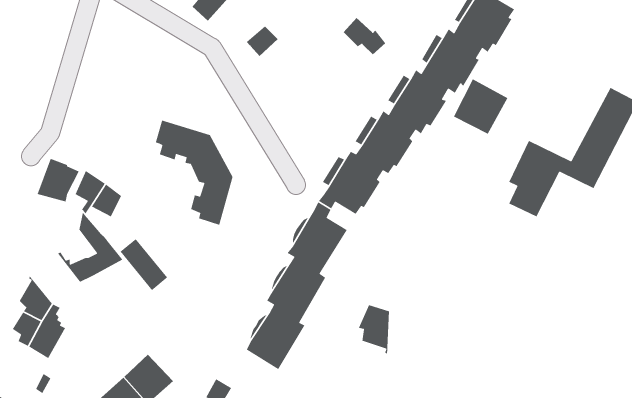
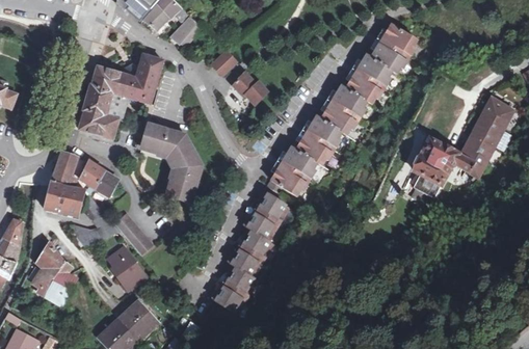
building: [343,17,386,55] -> [233,74,266,103]
building: none -> [79,54,163,139]
building: [453,78,508,135] -> none
building: none -> [46,180,83,215]
building: none -> [107,246,146,290]
building: [358,304,390,355] -> none

